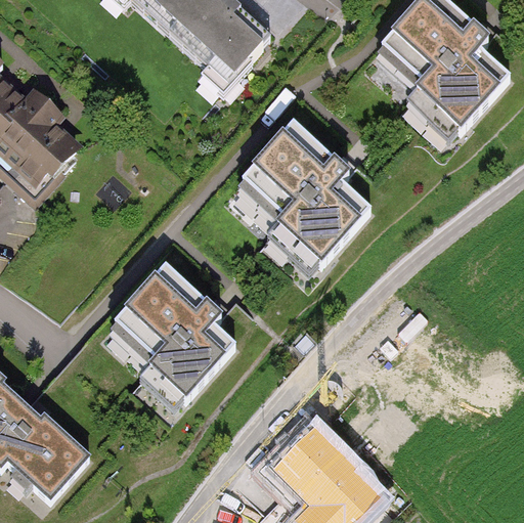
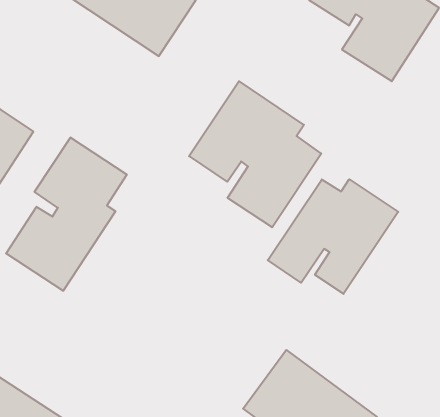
building: none -> [6,137,127,291]
building: none -> [268,179,398,294]
building: [118,268,233,410] -> none

